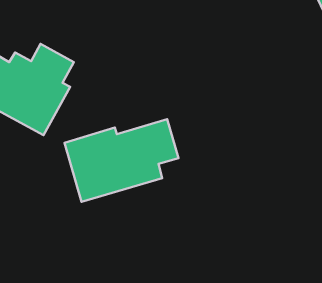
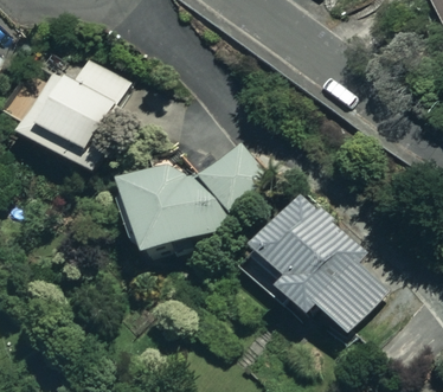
building: none -> [249,193,386,333]

